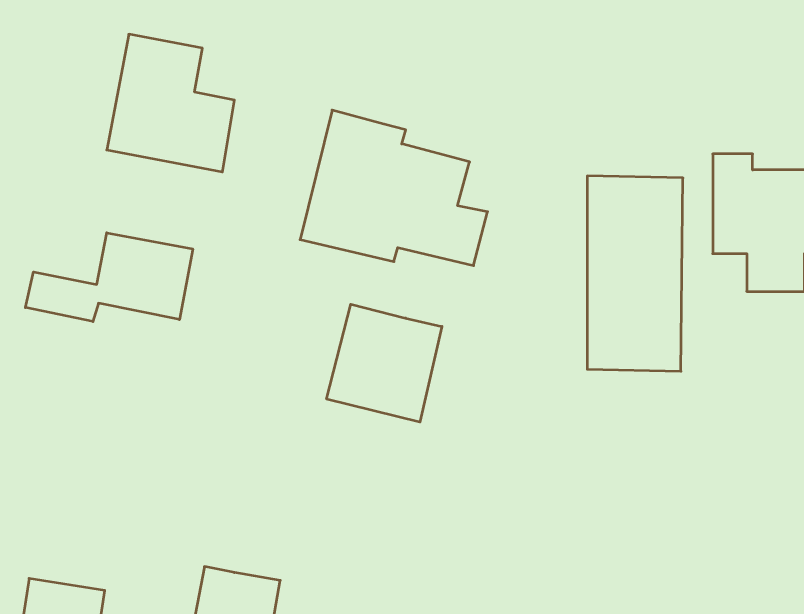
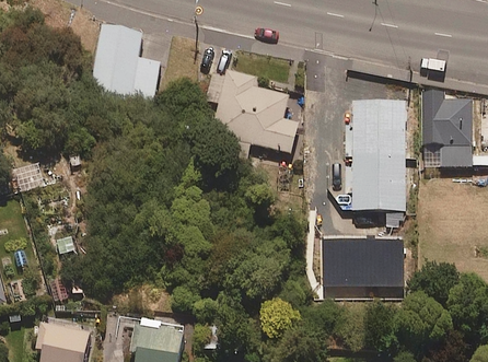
building: [25,233,193,322] -> none
building: [327,304,442,422] -> none
building: none -> [323,236,404,297]

